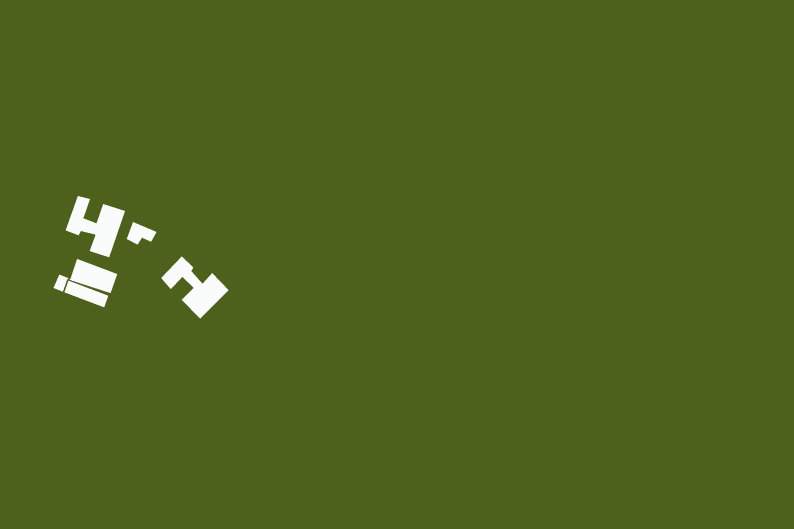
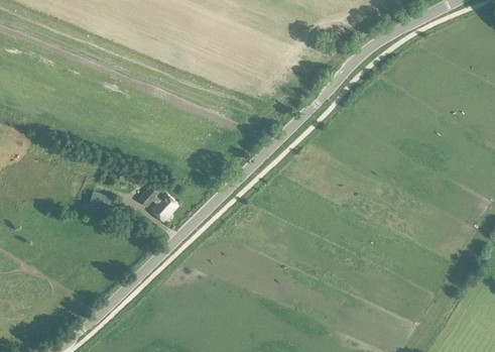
building: [65,195,126,258] -> none

